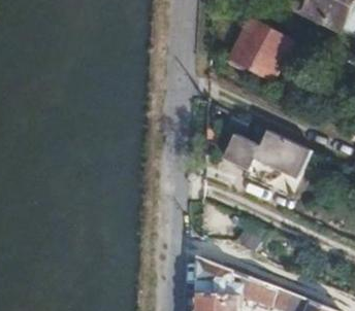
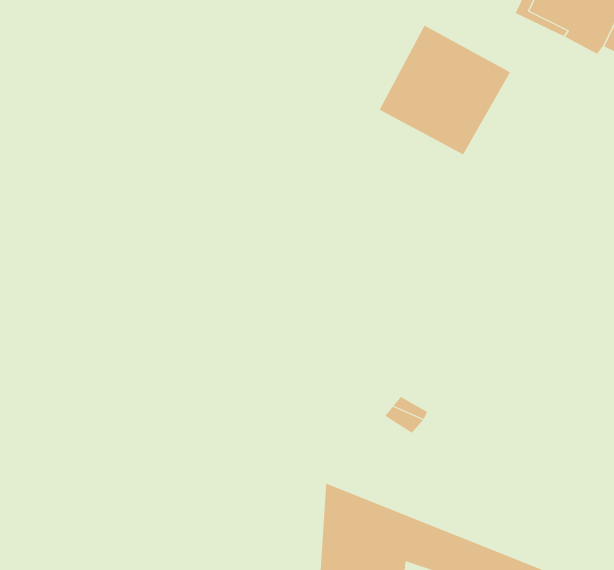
building: [221,130,311,179] -> none

